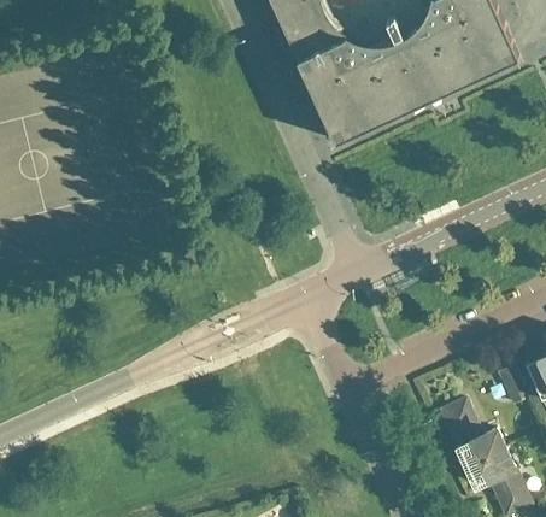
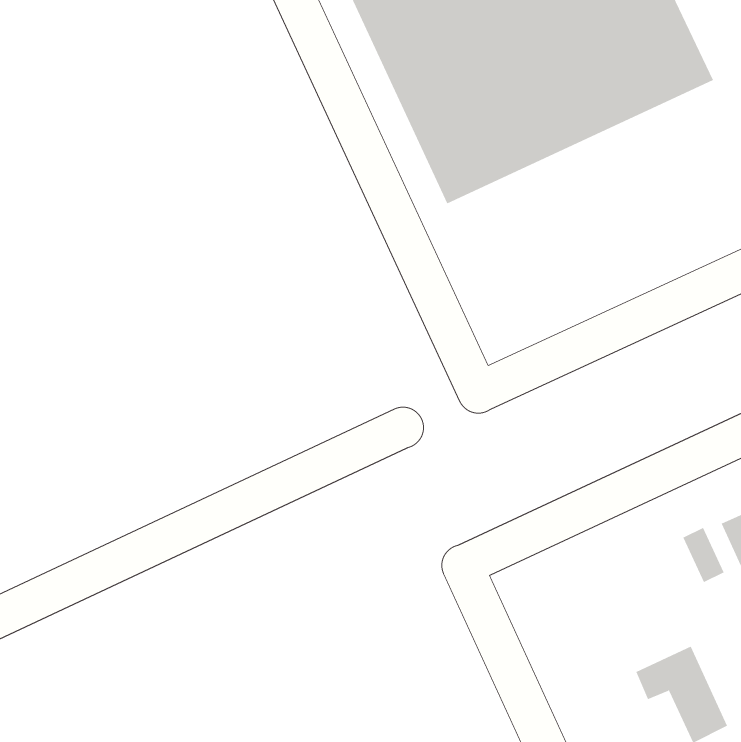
building: [441,399,505,466] -> none

